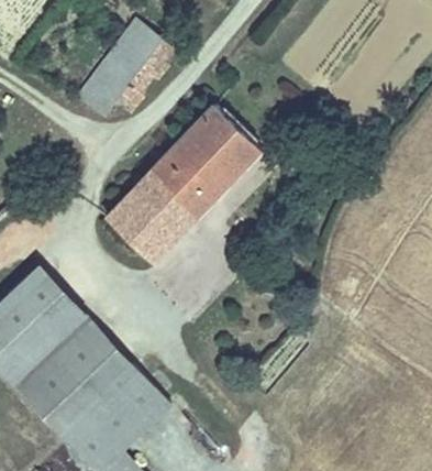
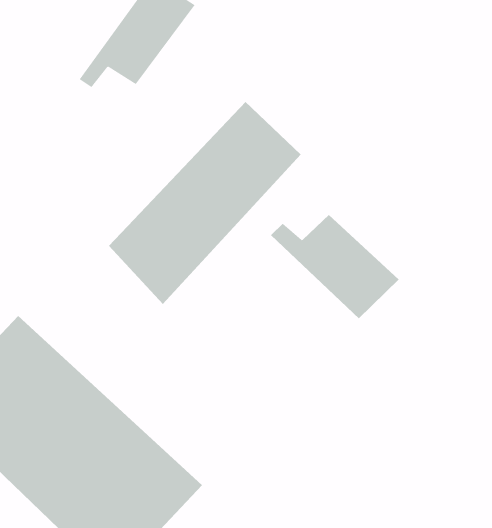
building: none -> [270,214,400,319]

